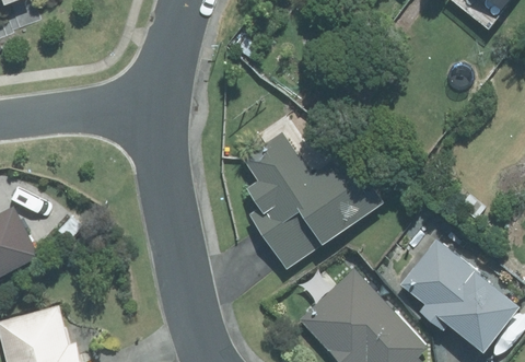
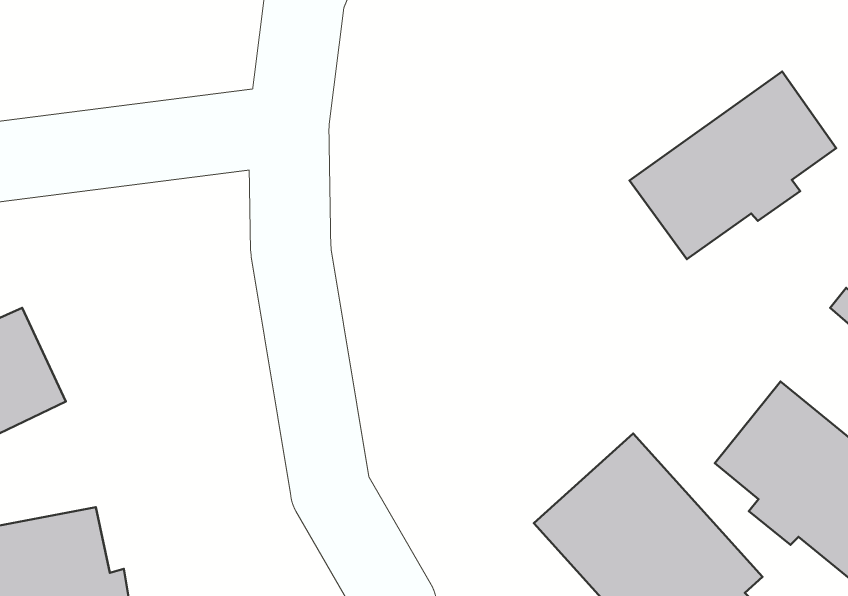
building: none -> [629,71,836,259]
building: [243,133,381,269] -> none

